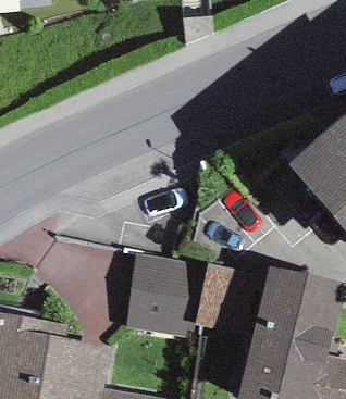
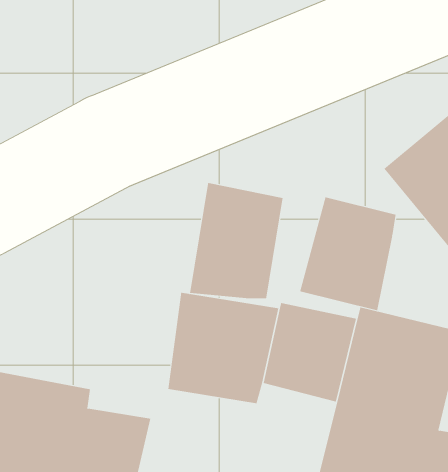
building: none -> [190,182,283,299]
building: none -> [300,197,396,311]

